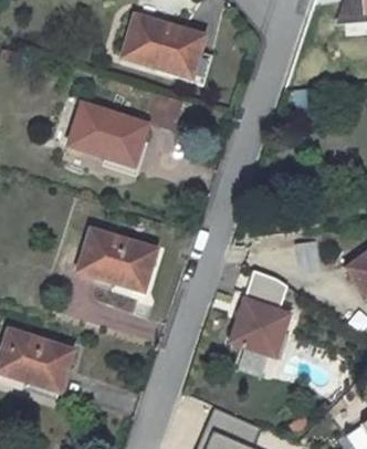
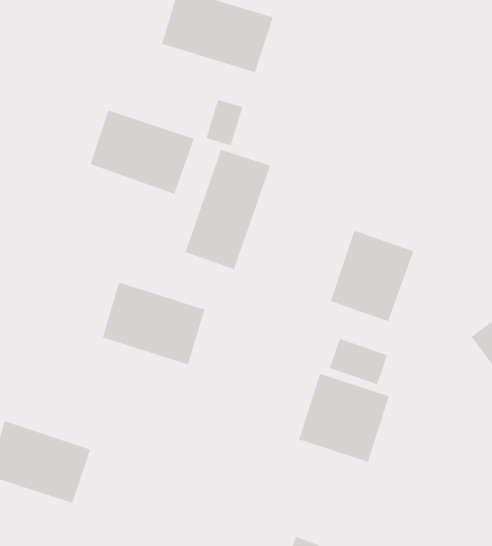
building: none -> [185,149,271,270]
building: none -> [330,230,415,322]

